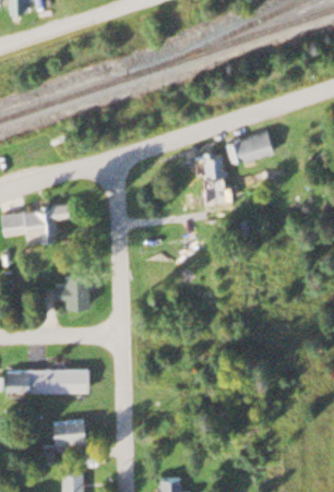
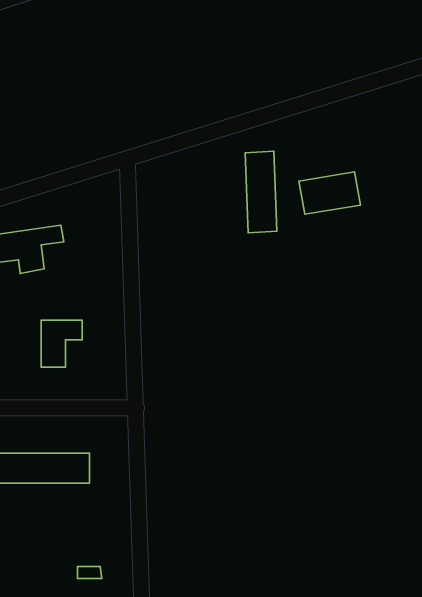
building: [229,135,274,166] -> [299,172,361,214]
building: [53,422,86,447] -> none

